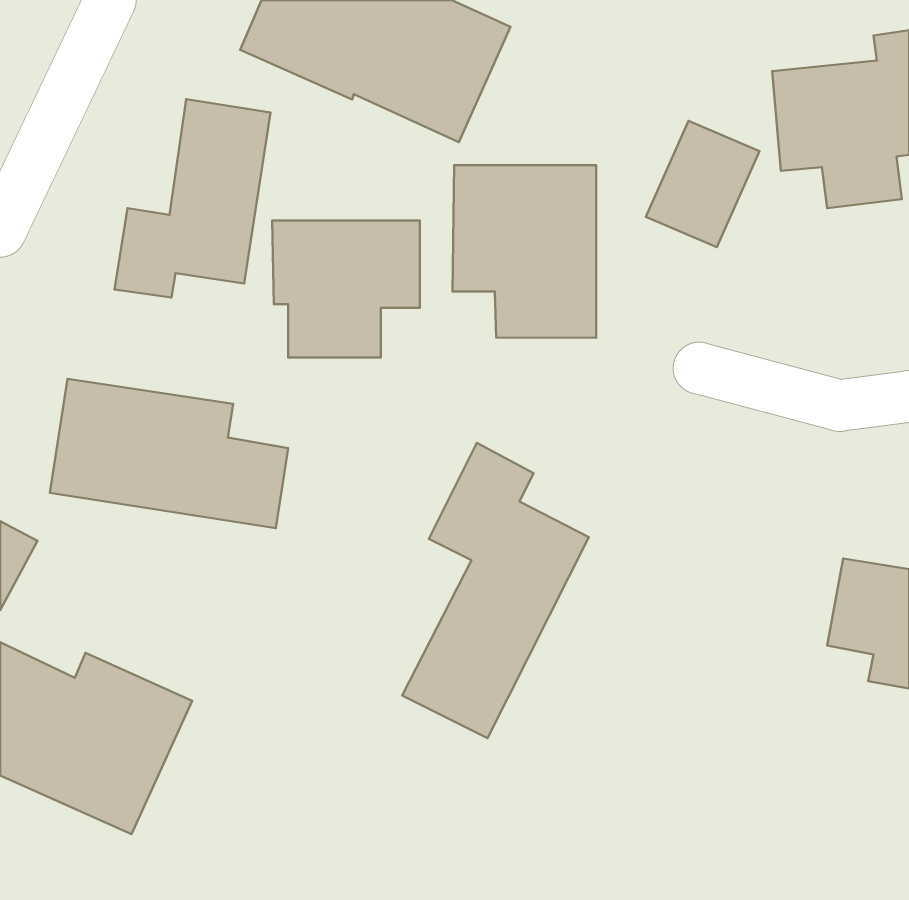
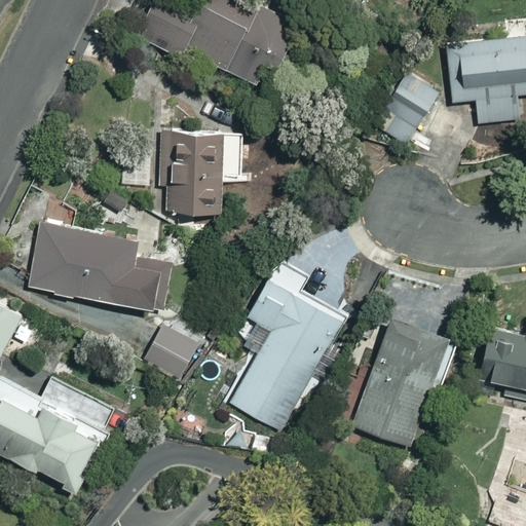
building: [115,99,270,297] -> none
building: [453,165,596,338] -> none
building: none -> [353,321,446,447]
building: none -> [143,327,196,382]

